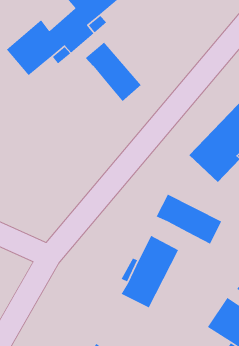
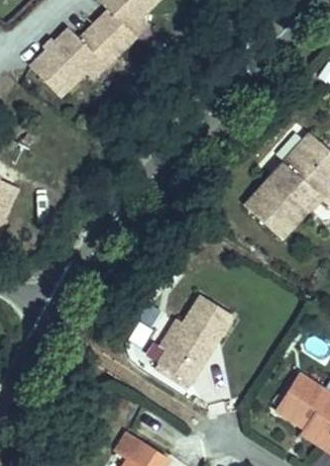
building: [85,41,142,102] -> none
building: [155,194,222,245] -> none

